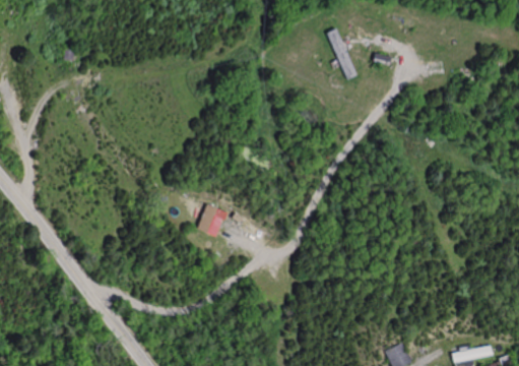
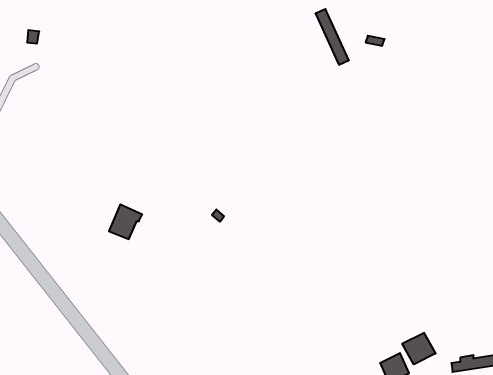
building: [197,204,228,236] -> [109,205,142,239]
building: none -> [402,333,436,364]

